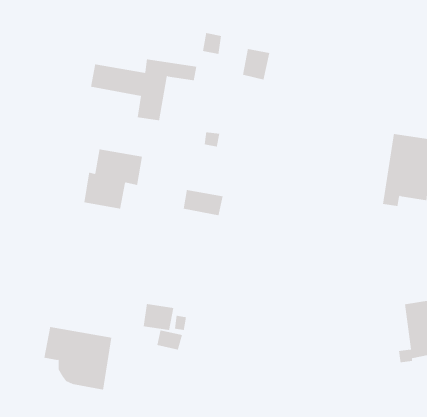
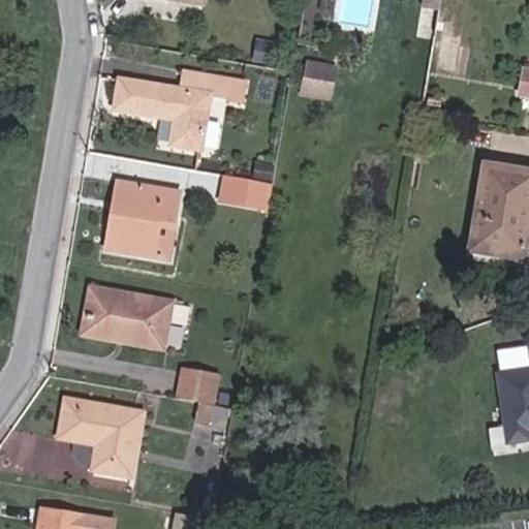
building: [183,189,223,216] -> [221,175,271,207]
building: none -> [88,287,190,347]

